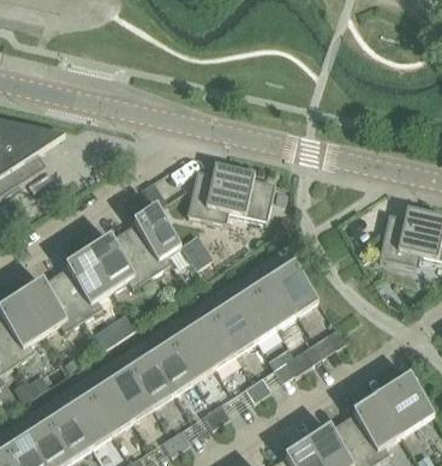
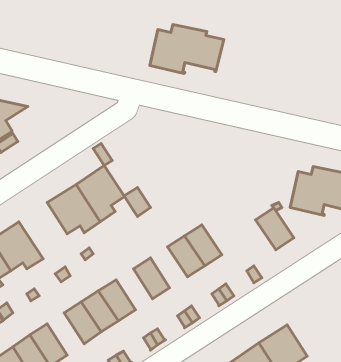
building: [186,162,275,221] -> [150,24,224,74]
building: [54,249,112,316] -> none
building: [273,261,318,311] -> [256,208,294,250]
building: [211,301,256,351] -> none
building: [171,328,214,377] -> none
building: [375,372,434,432] -> none
building: [88,381,132,431] -> none

